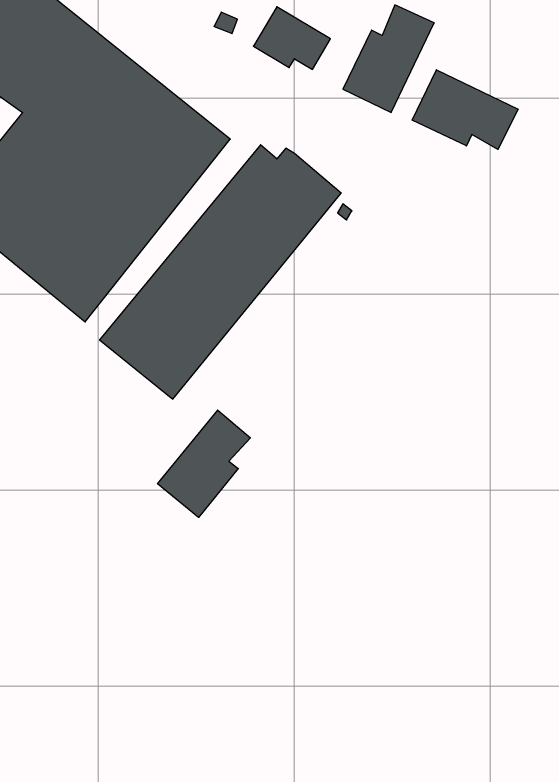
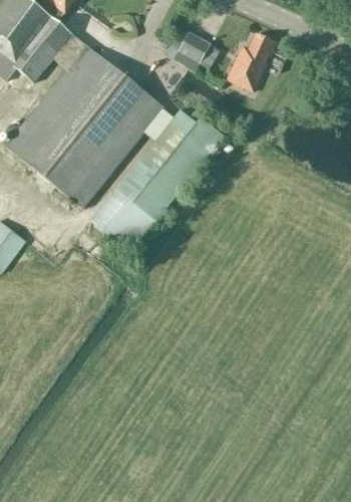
building: [412,70,518,149] -> none
building: [158,410,250,517] -> none

